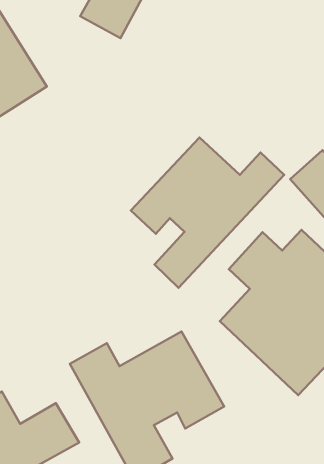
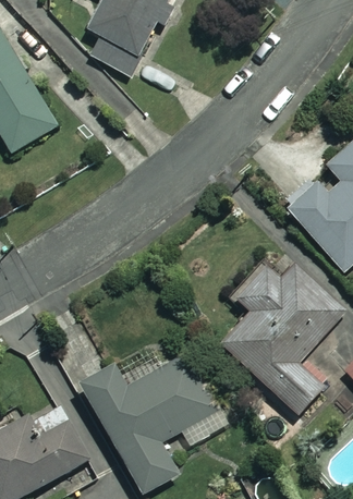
building: [131,138,284,288] -> none

